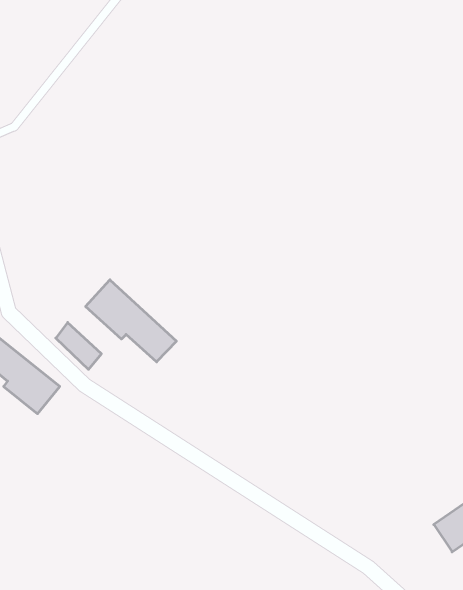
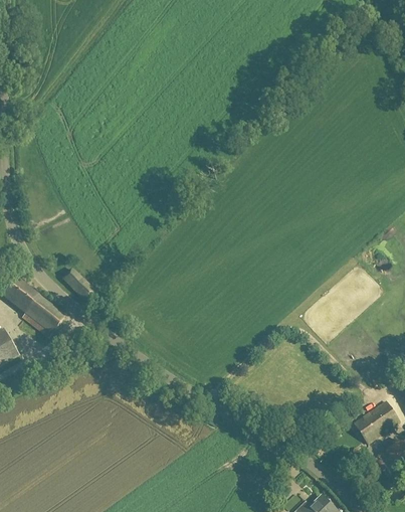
building: [86,280,176,362] -> none

